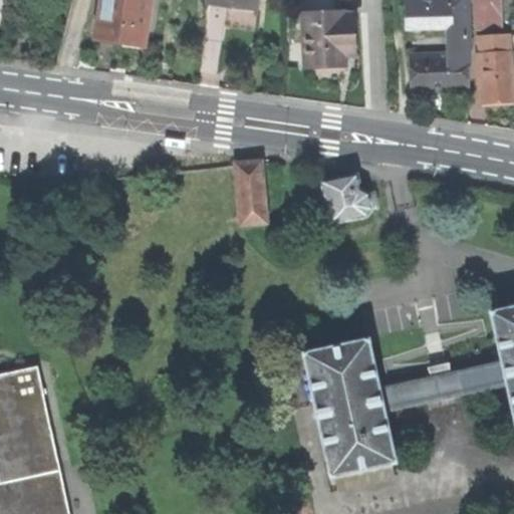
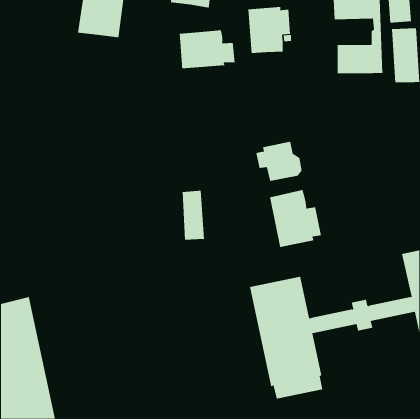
building: none -> [179,29,235,69]
building: [236,161,264,222] -> [182,190,205,240]
building: none -> [270,189,322,248]

